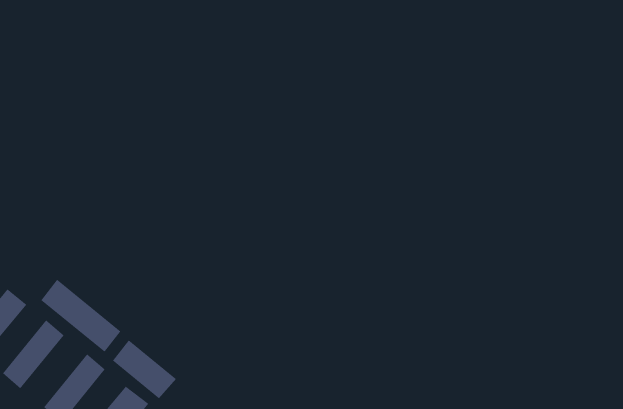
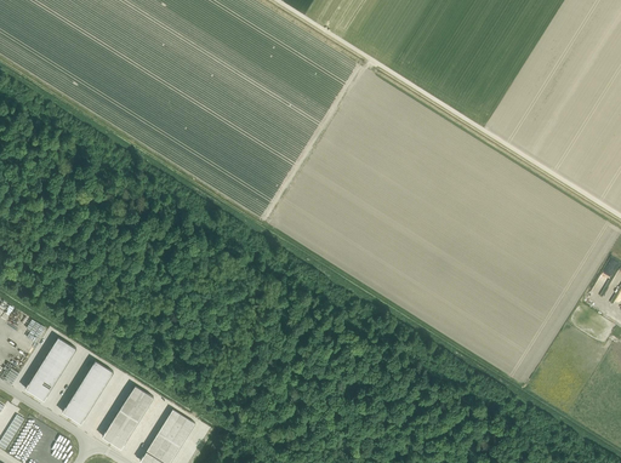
building: [41,279,121,353] -> none
building: [112,340,177,399] -> none

